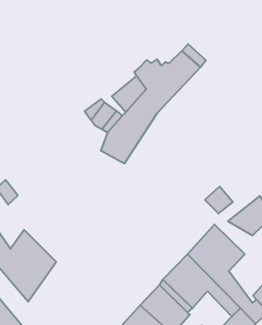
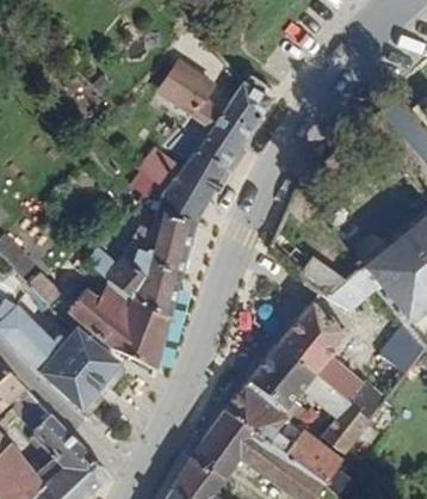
building: none -> [163,44,223,110]
building: none -> [70,220,188,365]

